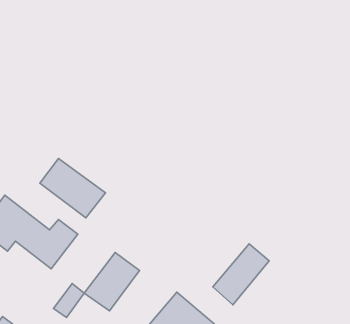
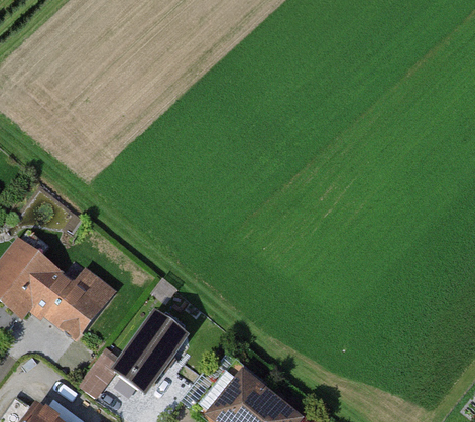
building: [40,158,106,218] -> none
building: [213,244,269,305] -> none

